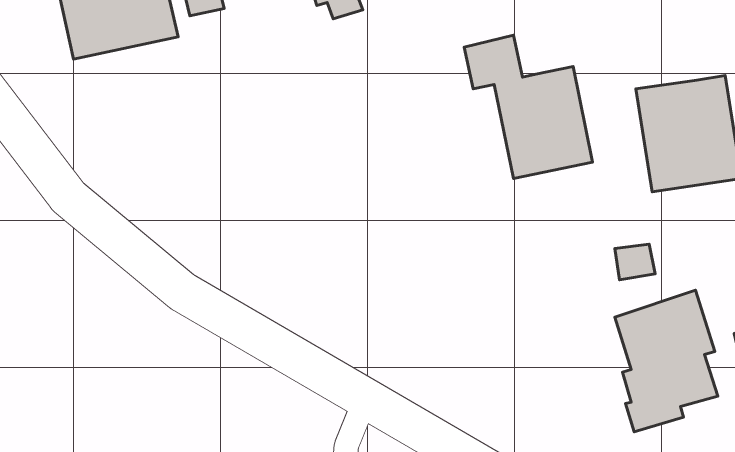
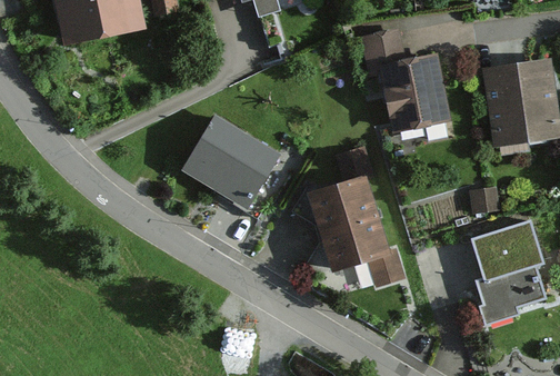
building: none -> [183,118,277,207]
building: none -> [293,146,404,288]

